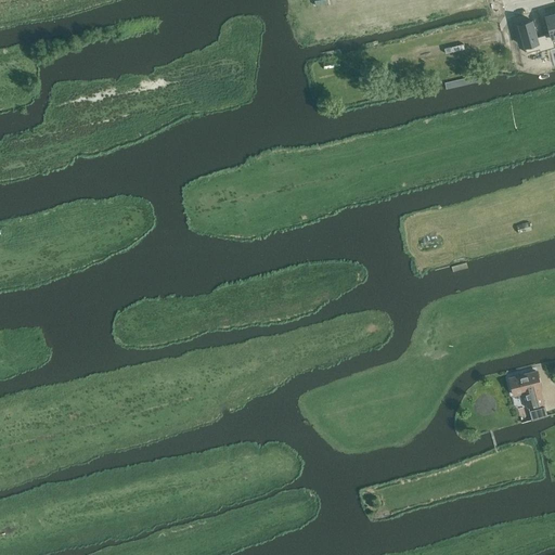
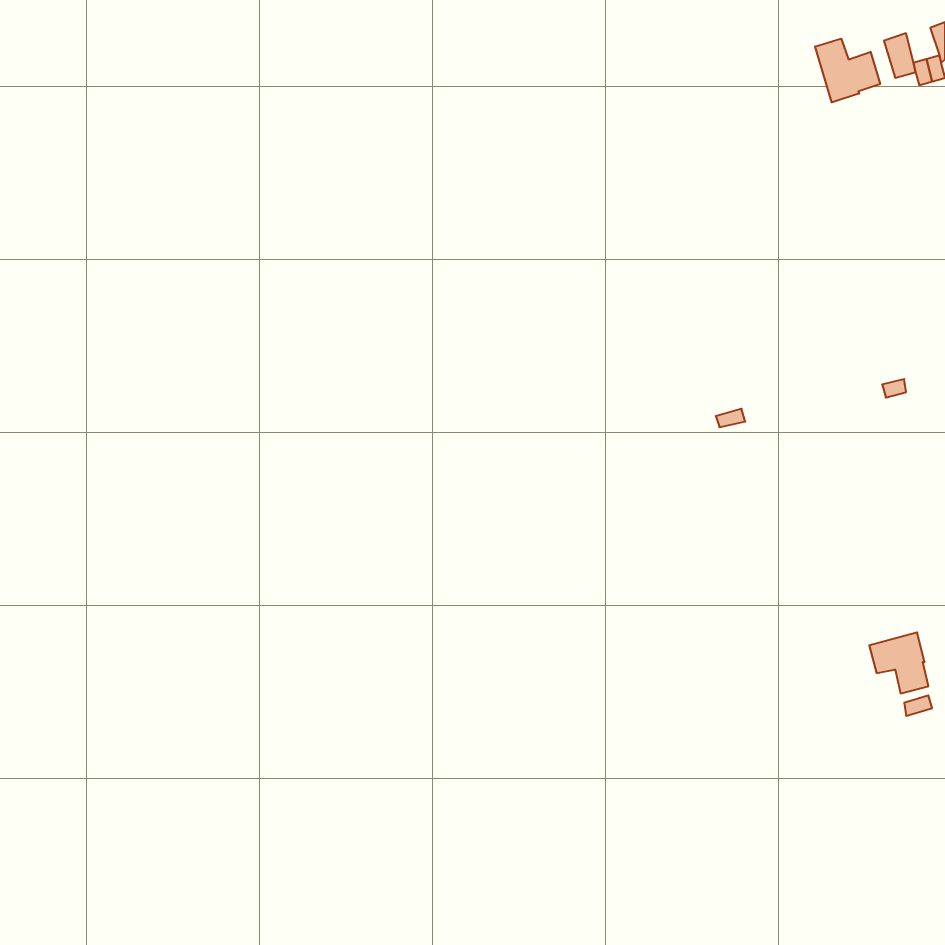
building: none -> [815,39,880,102]

